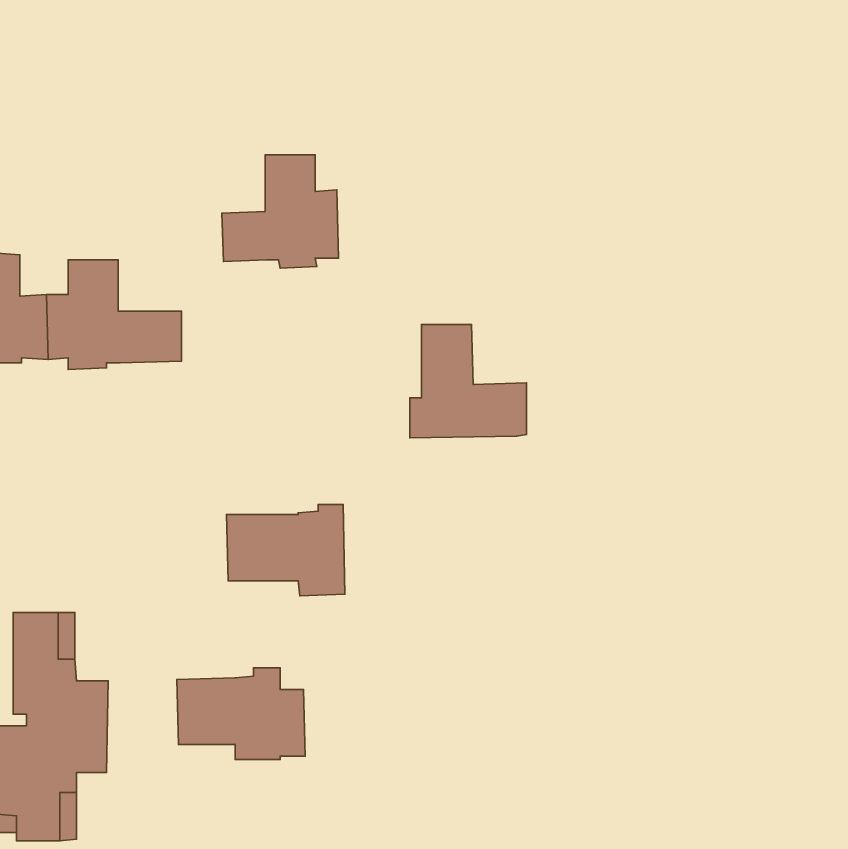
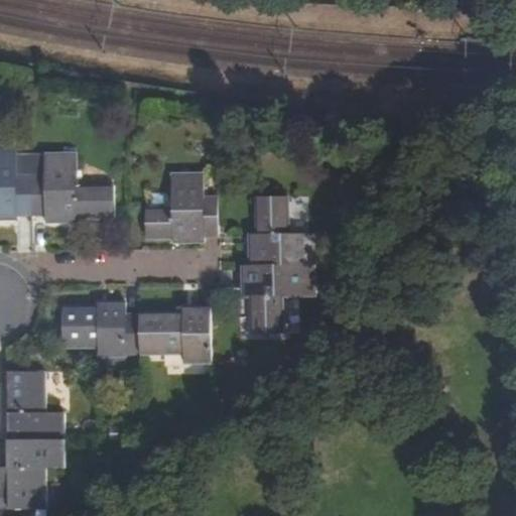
building: [222,155,339,268] -> [144,173,215,242]
building: none -> [241,264,312,332]
building: [177,668,305,760] -> [60,298,138,354]

